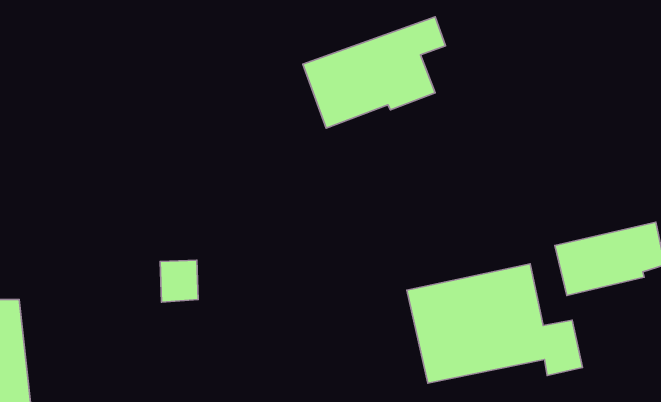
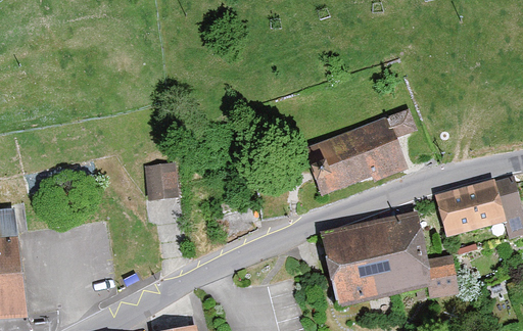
building: [303,17,445,128] -> [303,107,415,194]
building: [160,260,198,302] -> [145,167,175,199]

